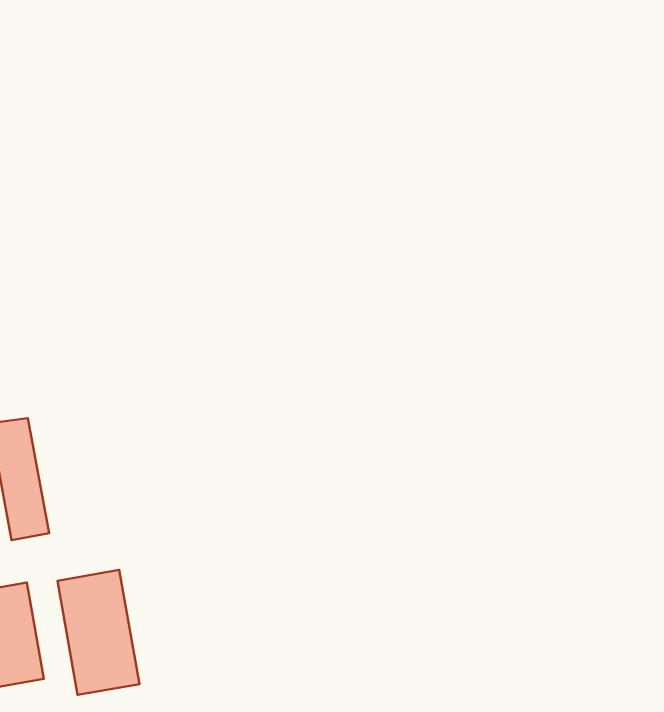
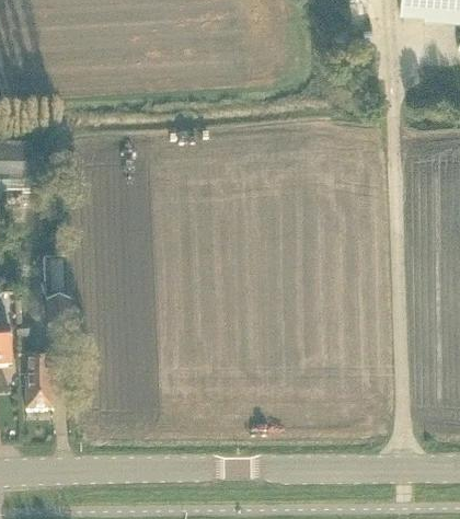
building: [57,570,139,695] -> none

